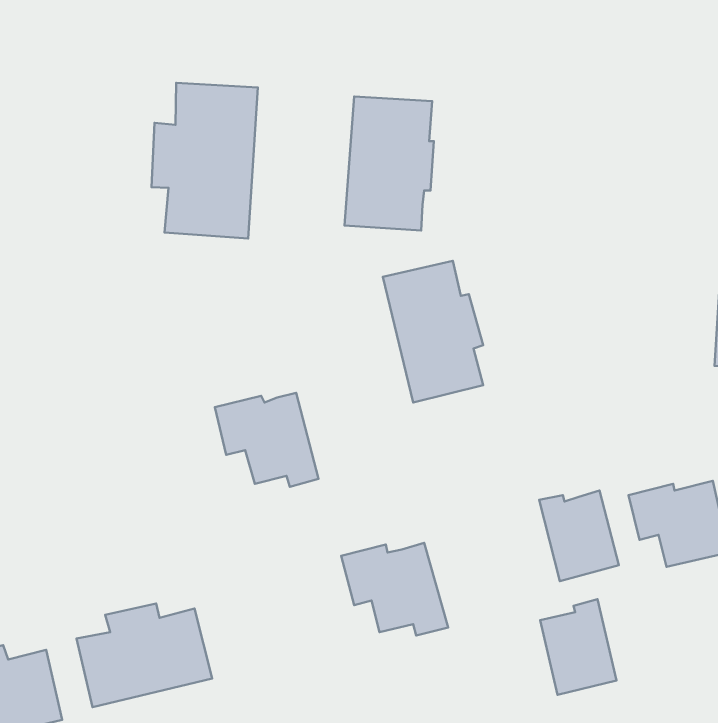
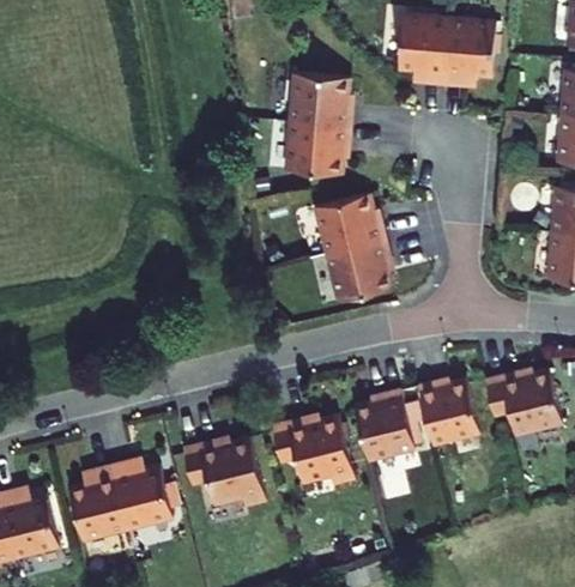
building: none -> [387,22,484,91]
building: [152,83,258,239] -> none
building: [215,393,319,487] -> [188,435,266,506]
building: [540,599,617,695] -> [358,387,416,459]

